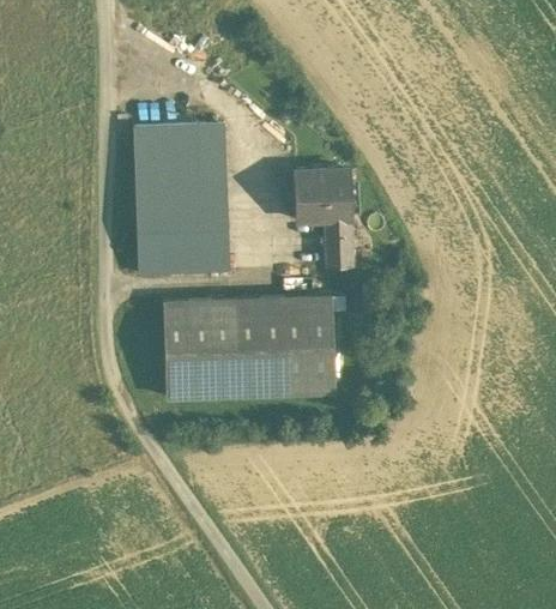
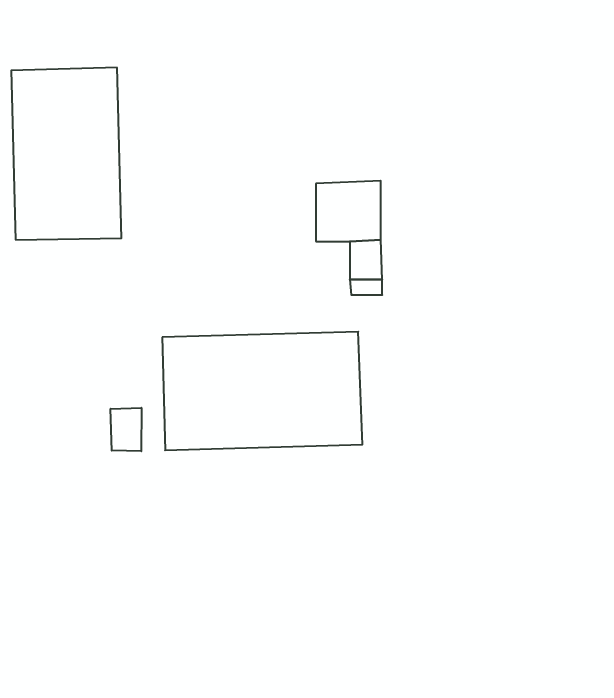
building: [135,127,229,273] -> [11,68,121,240]
building: none -> [111,408,141,451]

